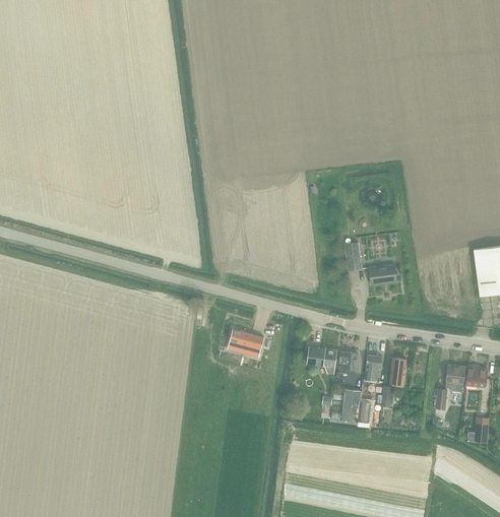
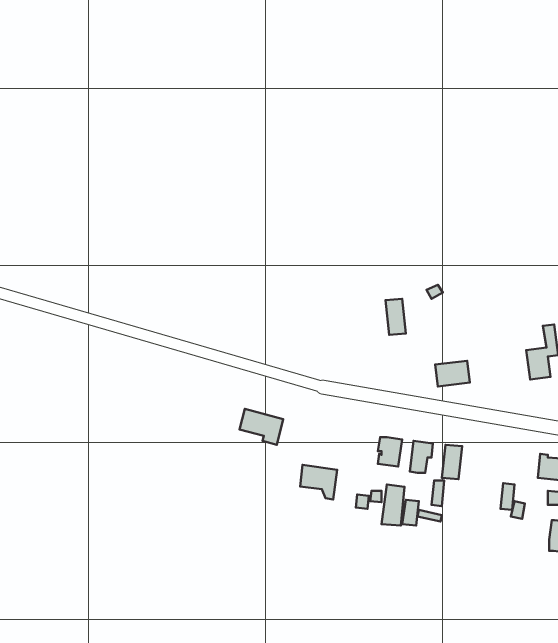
building: [369,264,396,284] -> [435,361,470,386]
building: [307,346,336,374] -> [300,465,337,499]
building: [445,364,465,392] -> none

